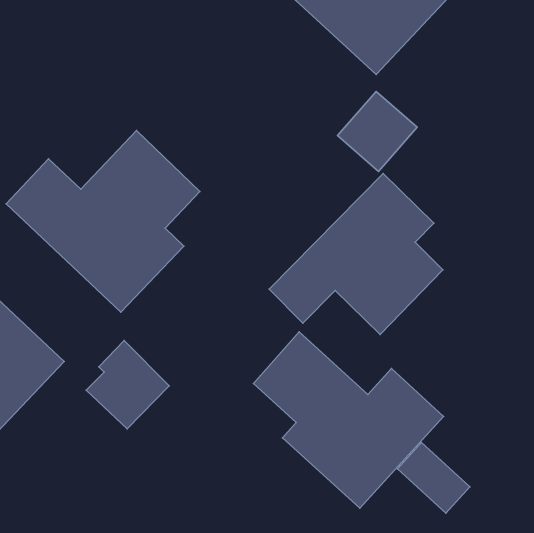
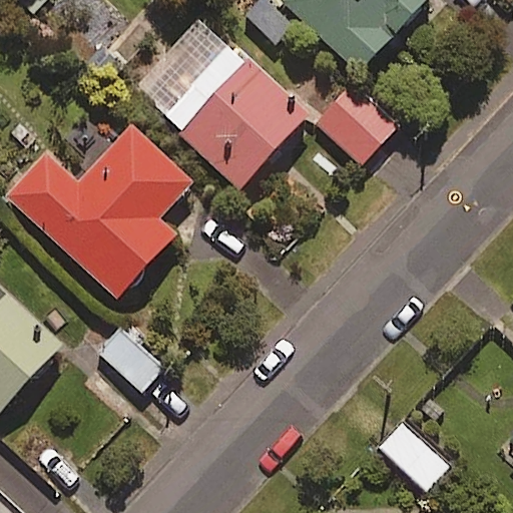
building: none -> [133,13,308,187]
building: [269,174,443,335] -> none
building: [253,332,444,508] -> none

